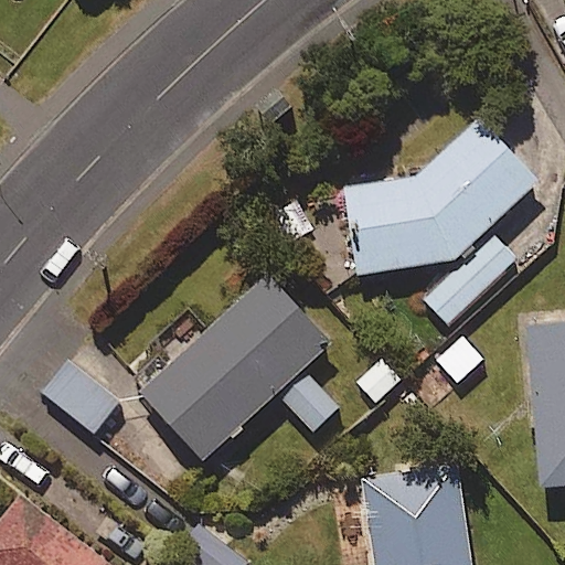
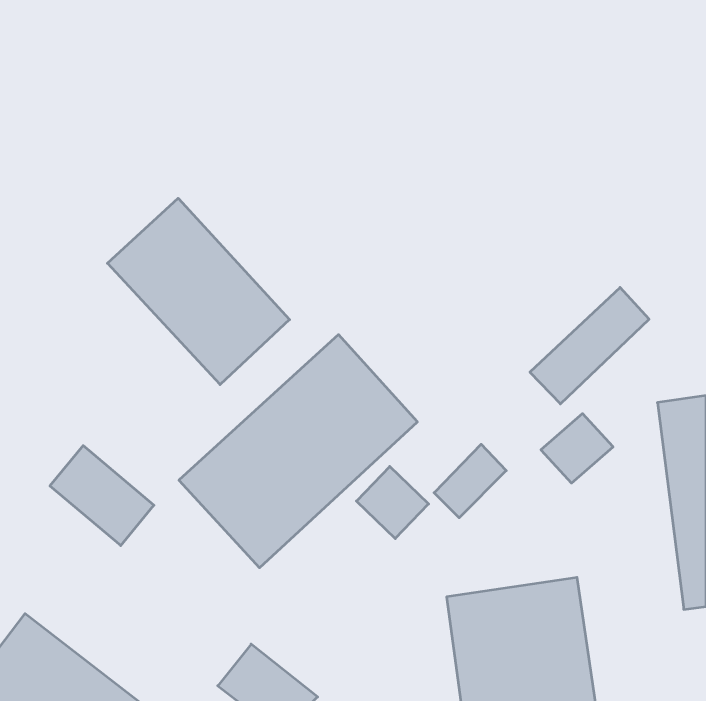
building: [348,118,539,275] -> none
building: none -> [107,198,290,385]

